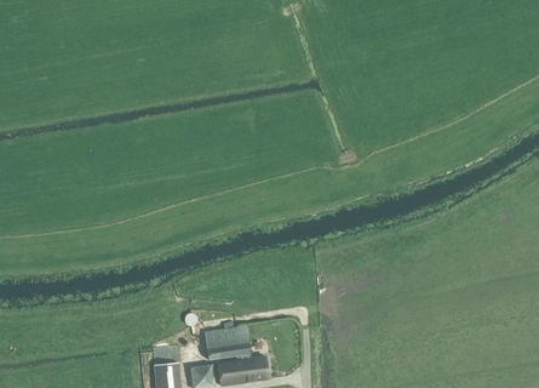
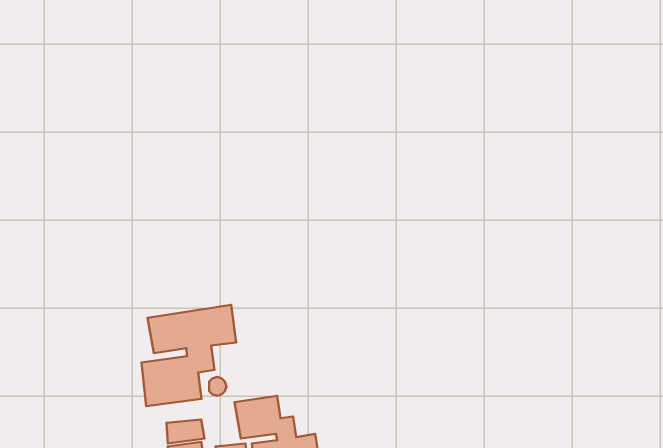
building: none -> [142,305,236,406]

